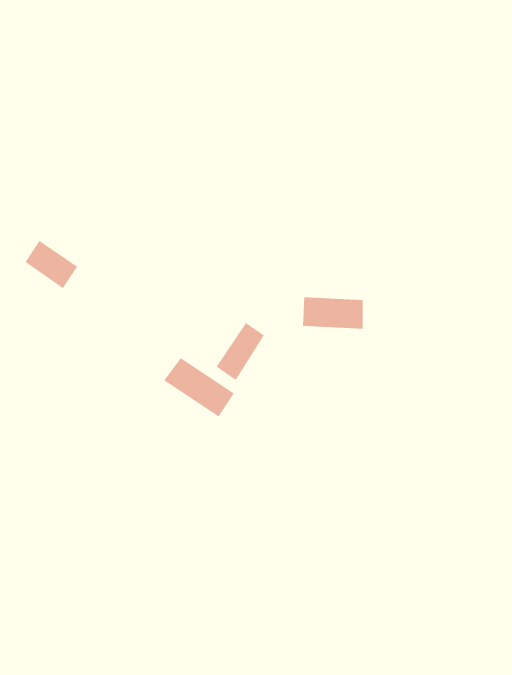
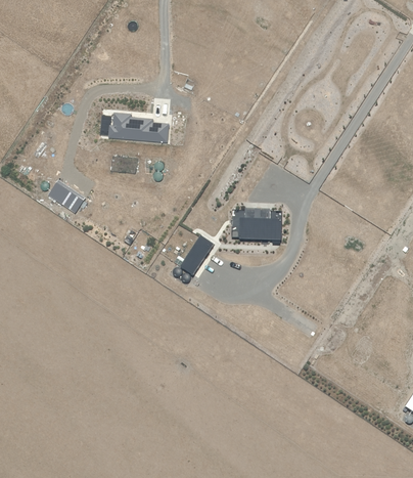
building: none -> [107,112,169,142]
building: [163,357,235,417] -> none

